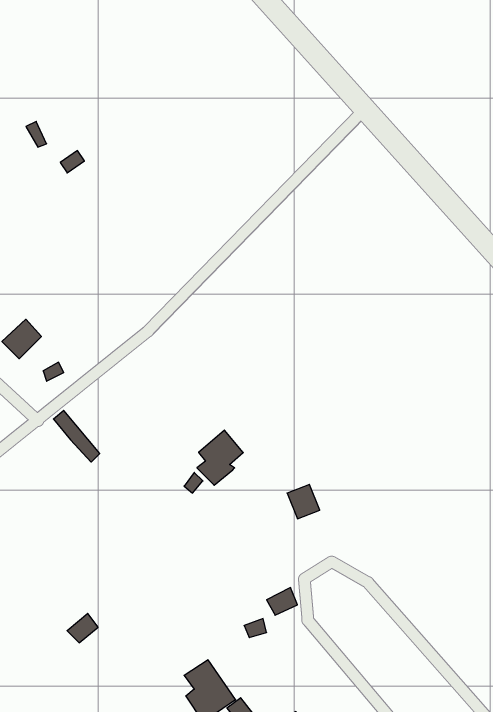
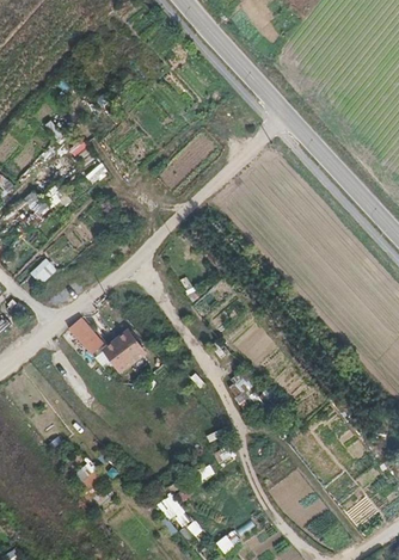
building: [197,430,243,485] -> [109,332,141,370]

